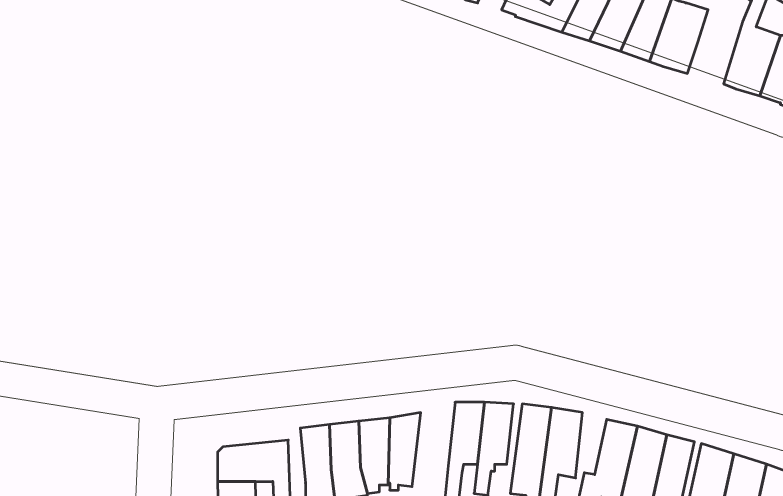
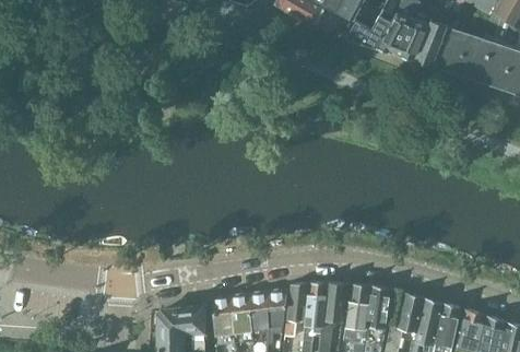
building: none -> [457,33,492,80]
building: none -> [285,282,309,337]

